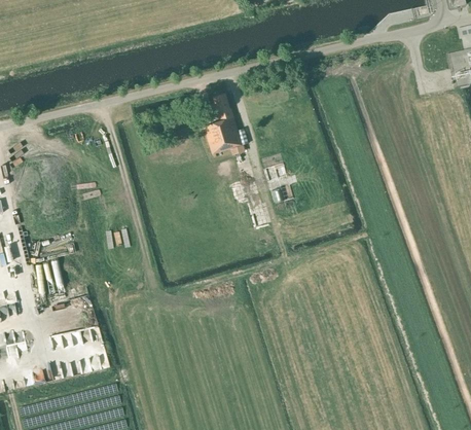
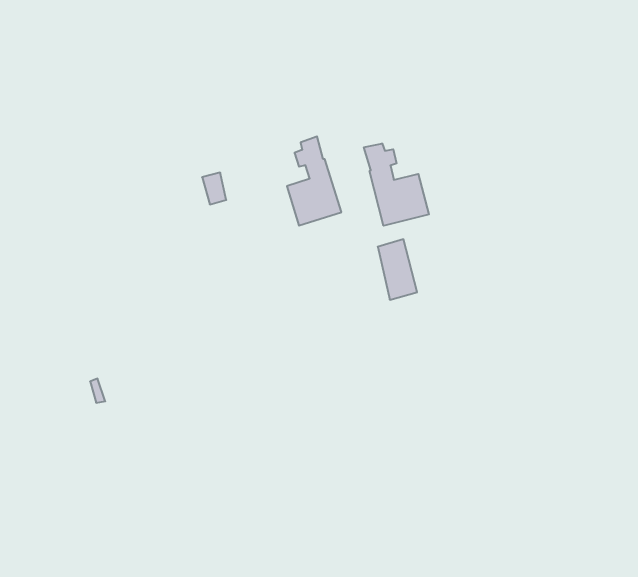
building: none -> [364,143,429,226]

